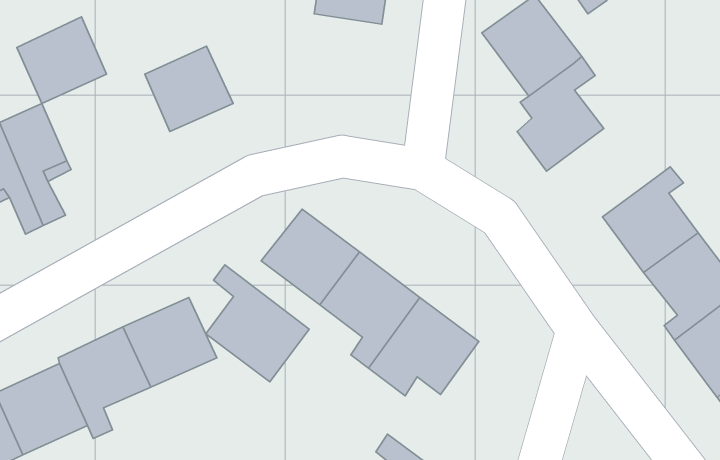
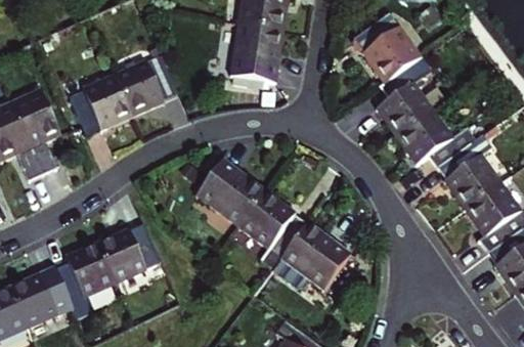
building: none -> [225,26,280,84]
building: [17,17,107,103] -> [71,68,133,128]
building: none -> [395,105,472,167]
building: [206,265,309,382] -> none

